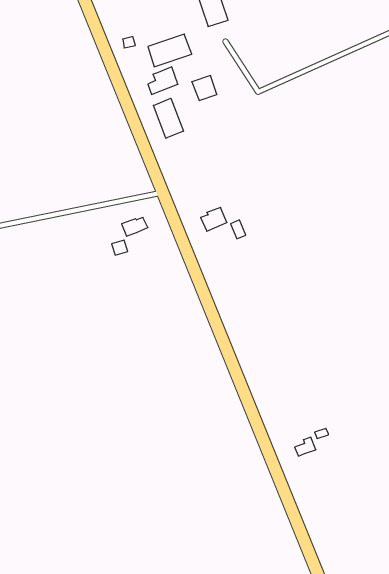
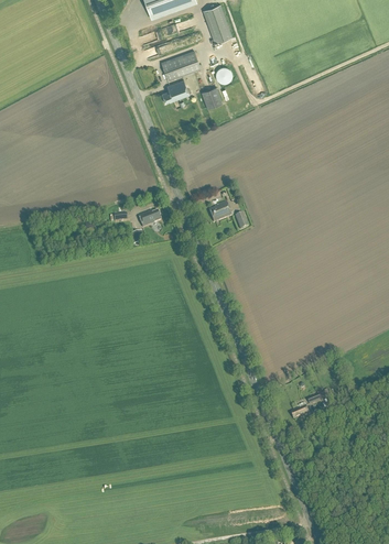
building: [153,98,183,138] -> none

